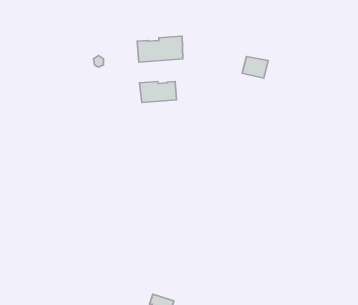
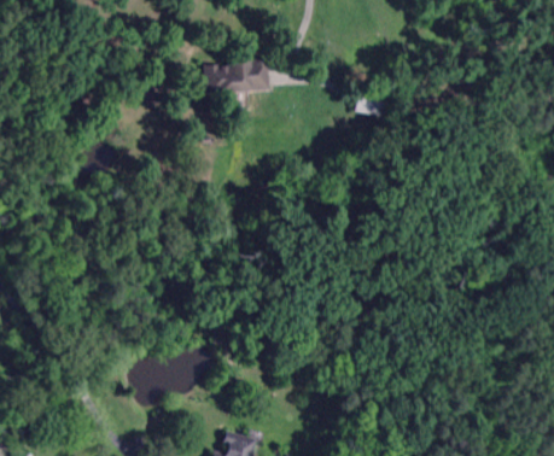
building: [140,81,177,102] -> none

